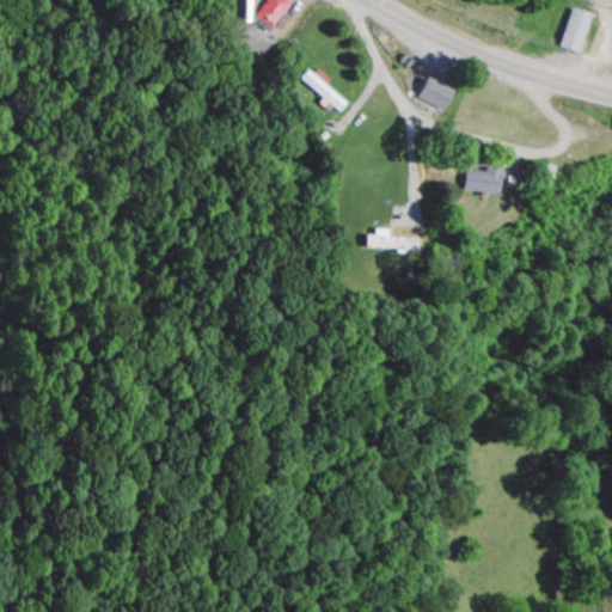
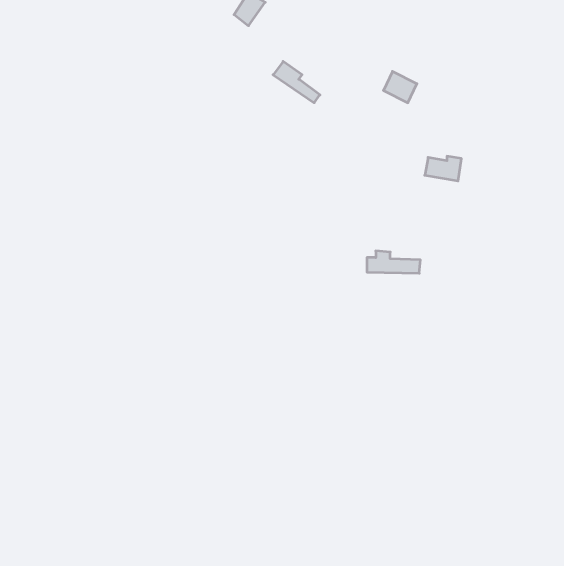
building: [564,8,592,51] -> none
building: [365,227,422,251] -> [367,251,420,273]

